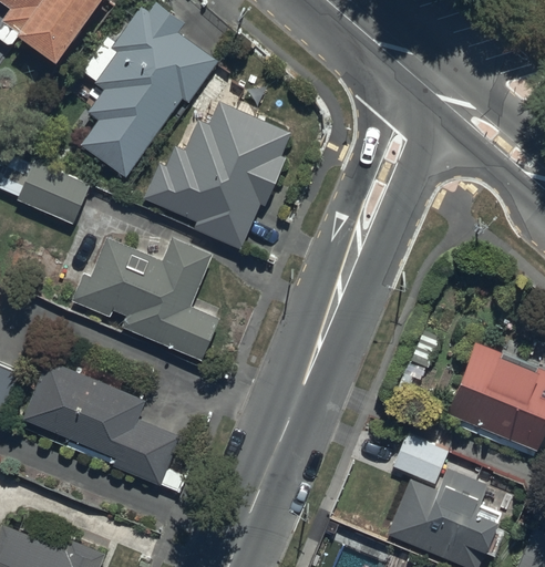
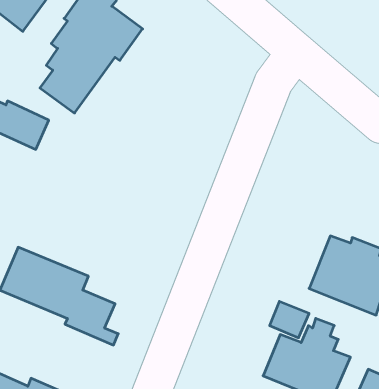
building: [142,101,291,249] -> none
building: [71,236,219,362] -> none

